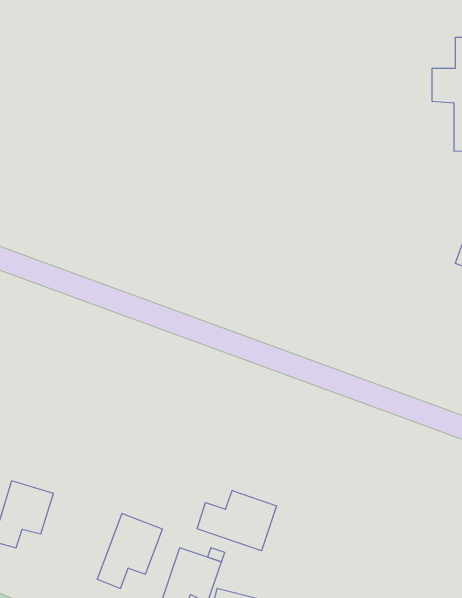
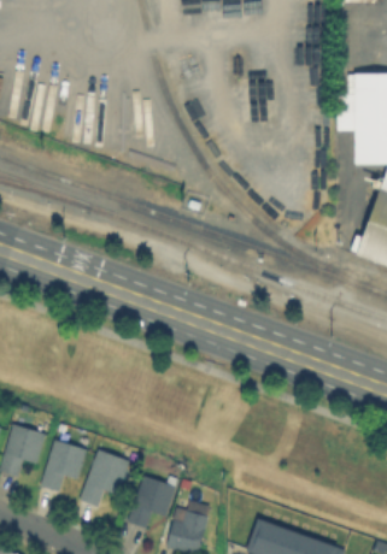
building: [197,490,277,551] -> none
building: none -> [41,436,88,488]

